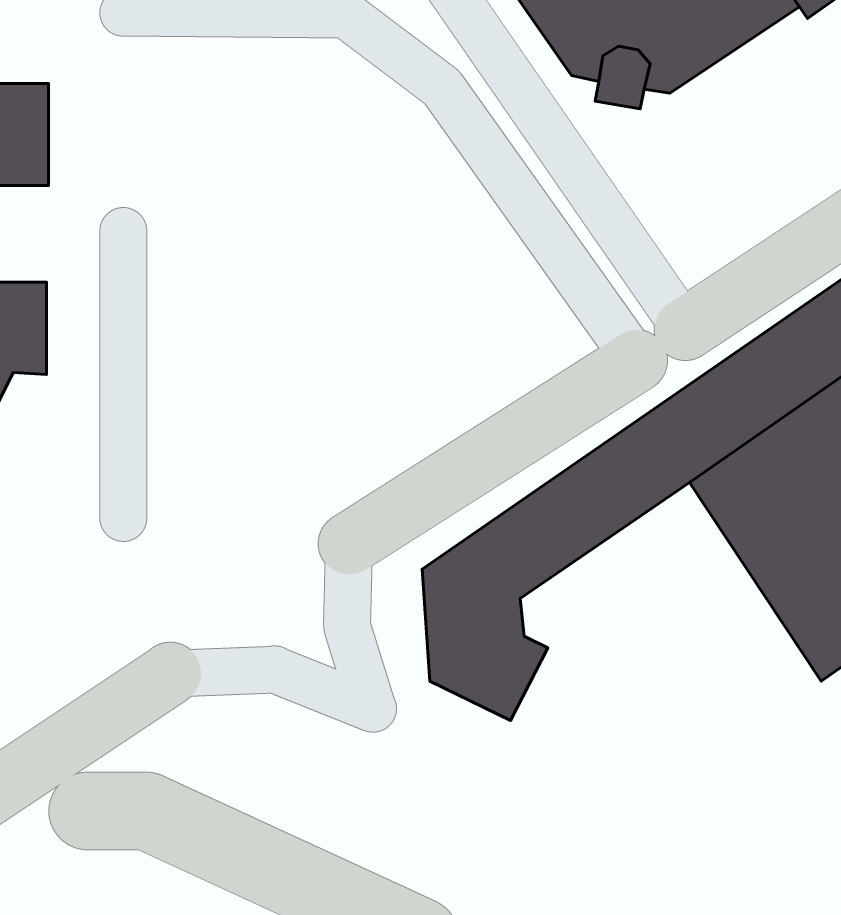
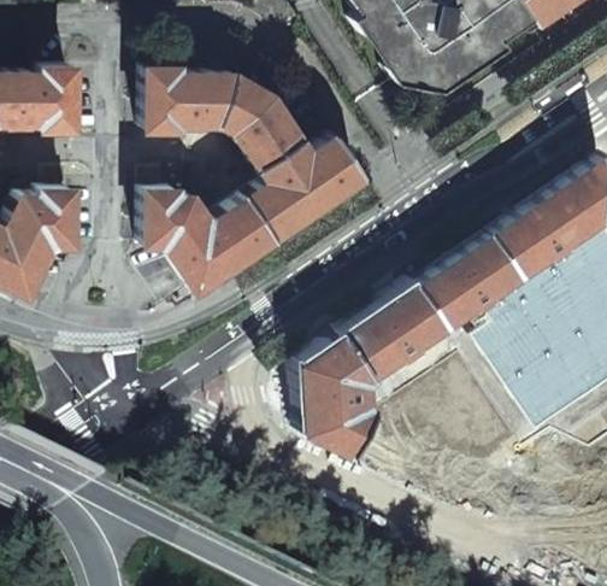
building: none -> [145,68,365,292]

